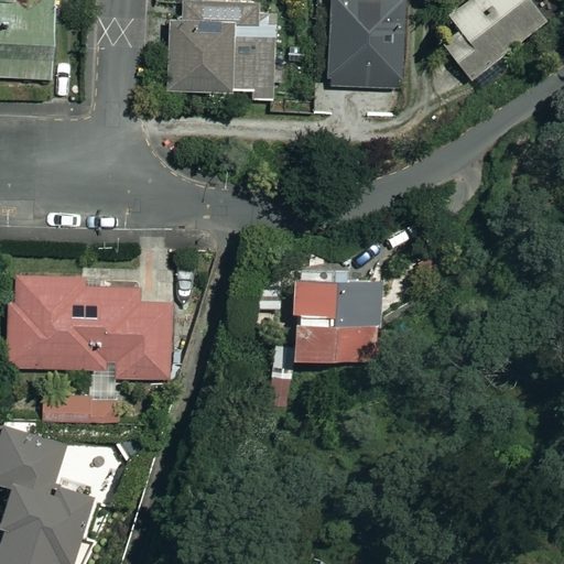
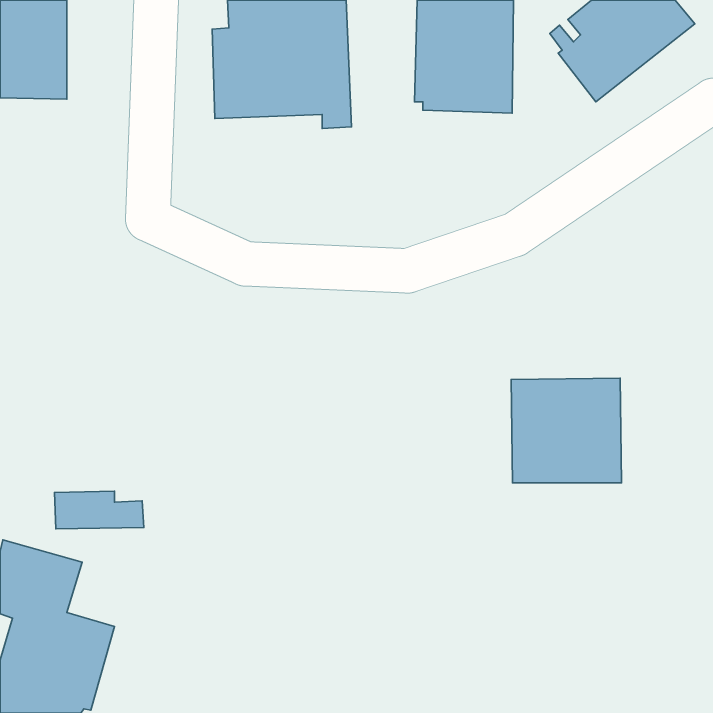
building: [7,261,171,378] -> none
building: [293,275,380,358] -> [511,378,621,483]

